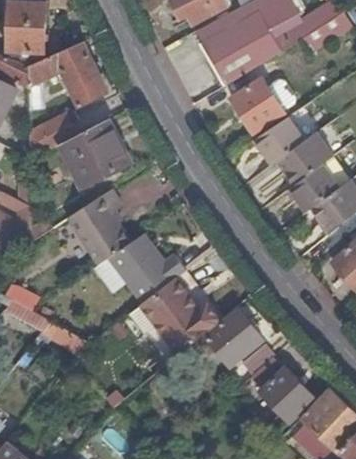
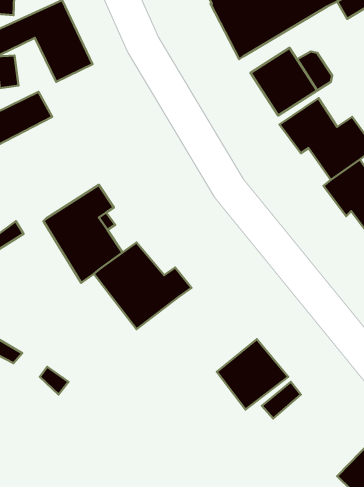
building: [57,118,127,185] -> none
building: [141,276,222,353] -> none
building: [249,356,313,423] -> none

